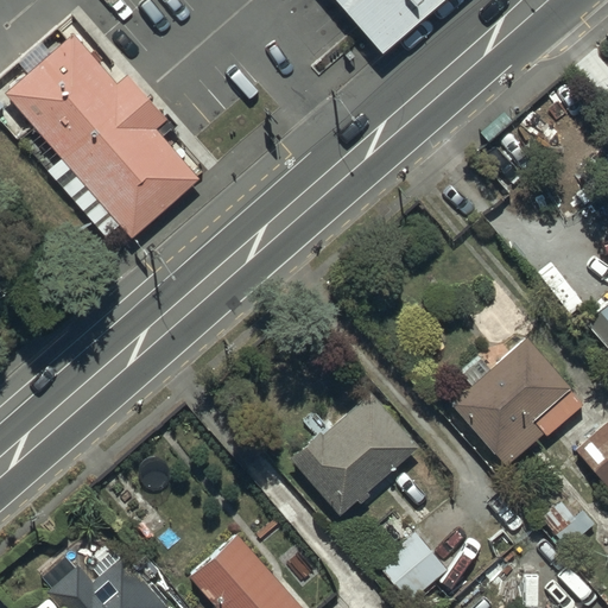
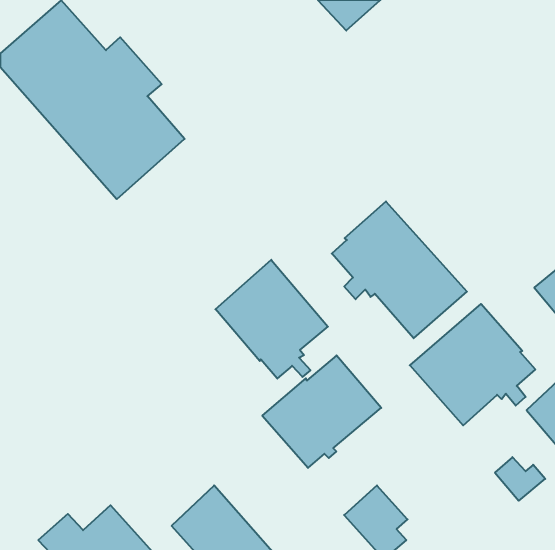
building: none -> [332,201,467,338]
building: none -> [215,260,328,379]

